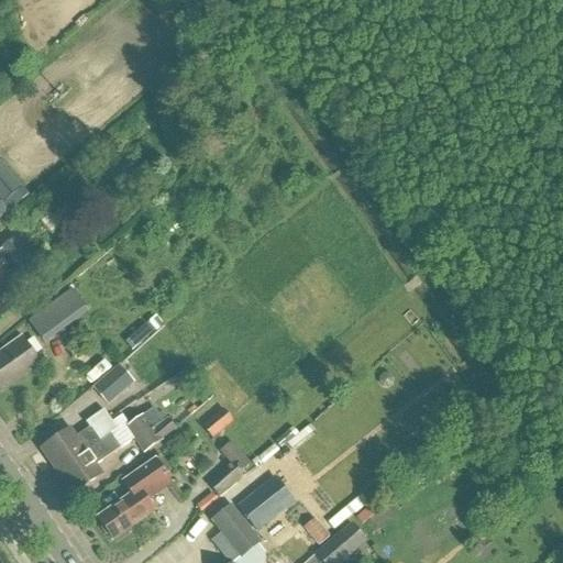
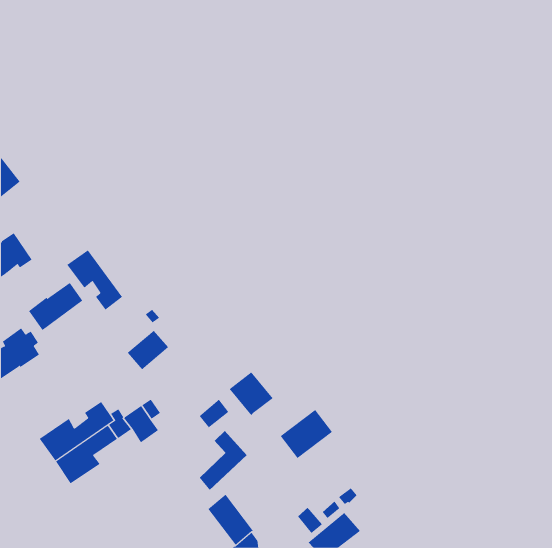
building: none -> [67,249,123,310]
building: [91,363,134,404] -> [127,330,169,370]
building: none -> [229,371,273,416]
building: [97,454,170,534] -> none
building: [236,476,290,527] -> [280,409,333,459]

